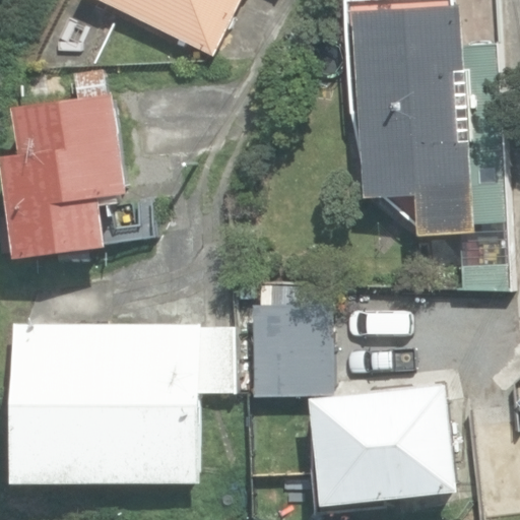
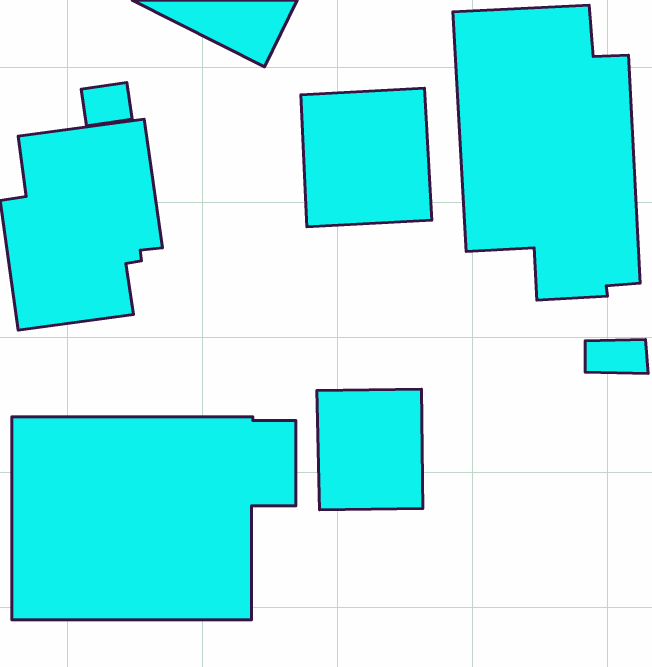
building: none -> [301,88,432,227]
building: [309,384,456,511] -> none

